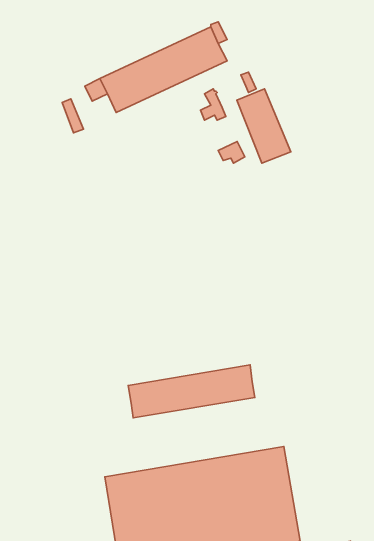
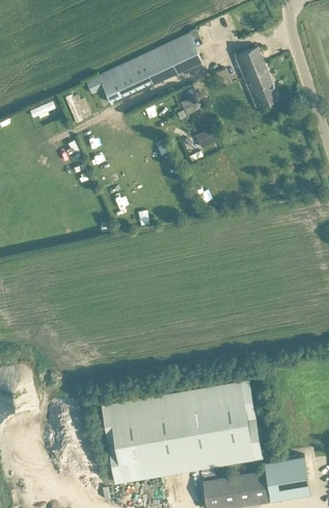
building: [237,89,291,163] -> [234,48,278,109]
building: [128,365,255,418] -> none

